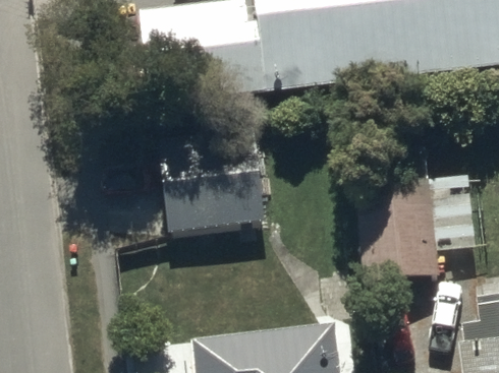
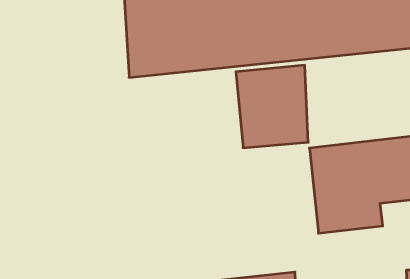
building: [180,136,262,229] -> [236,65,308,148]

